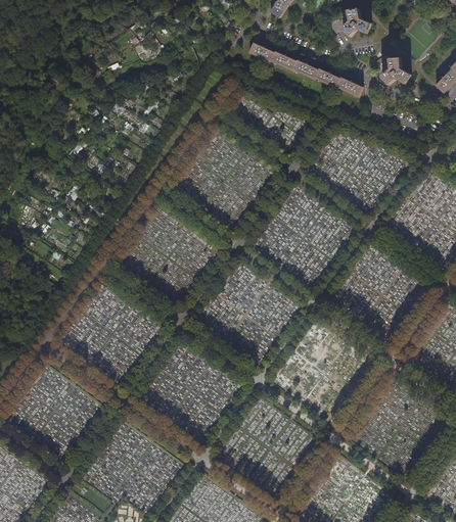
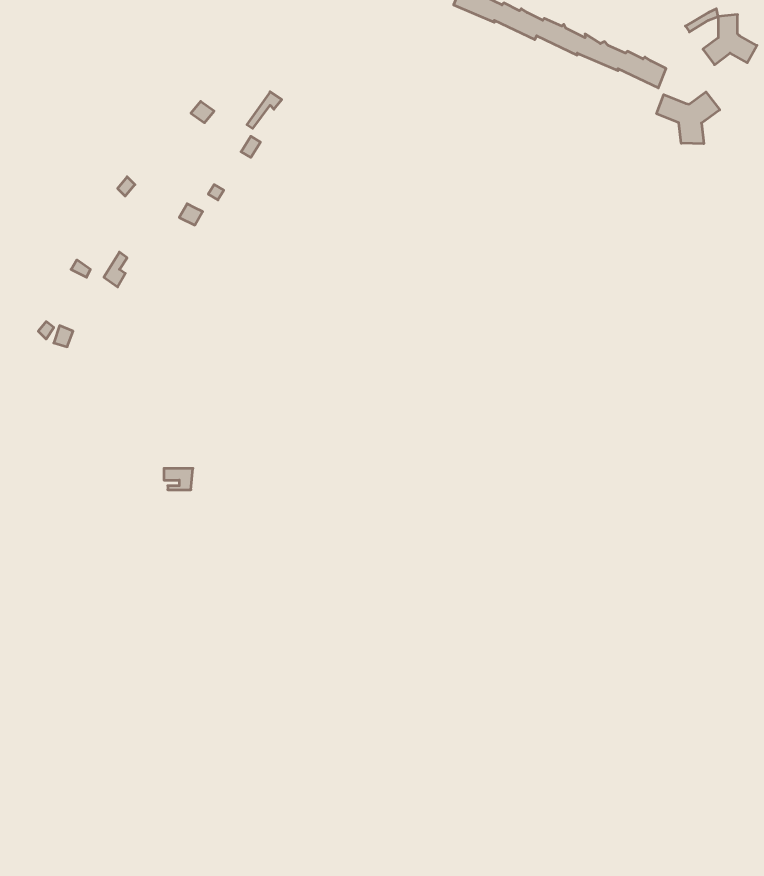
building: none -> [657,92,720,144]

